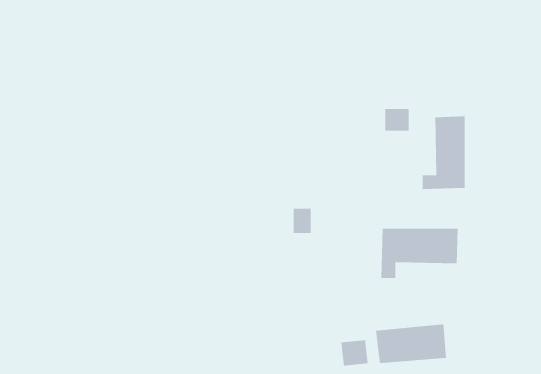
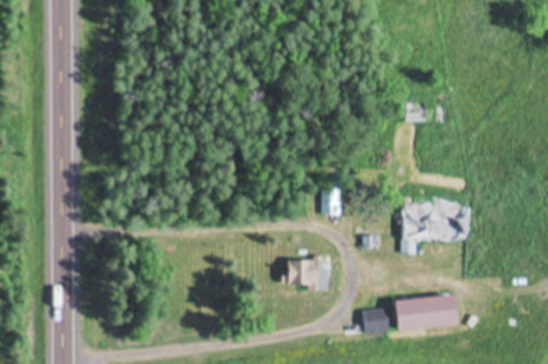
building: [422,115,465,190] -> none
building: none -> [283,259,325,287]

